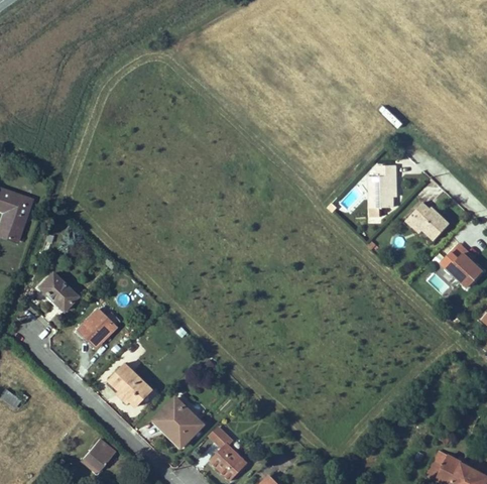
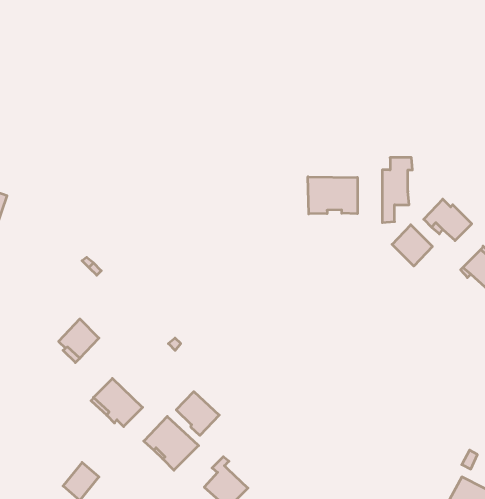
building: none -> [308,177,357,214]
building: none -> [392,225,432,266]
building: [39,273,77,313] -> none
building: none -> [176,392,219,435]

